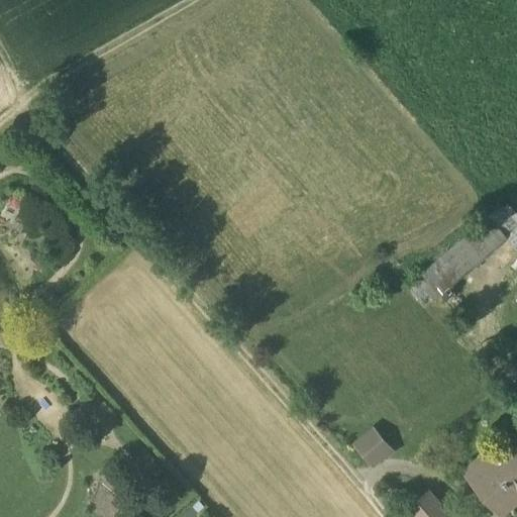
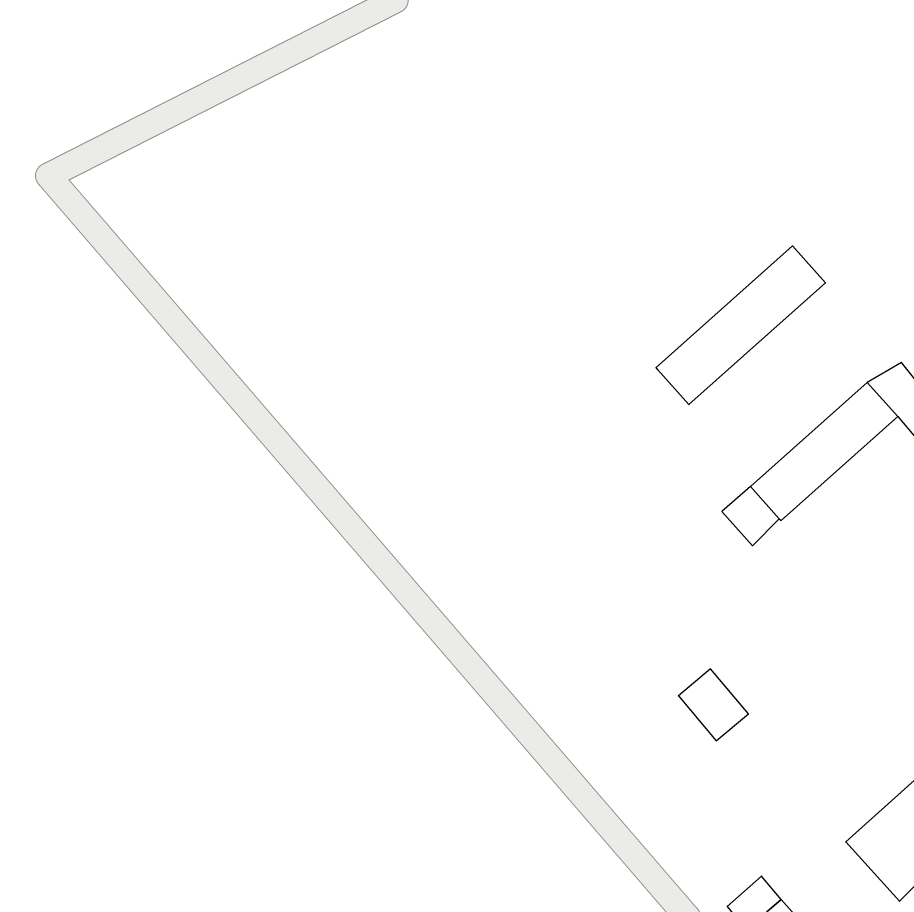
building: none -> [656,246,825,405]
building: [354,426,394,467] -> [678,669,748,741]

